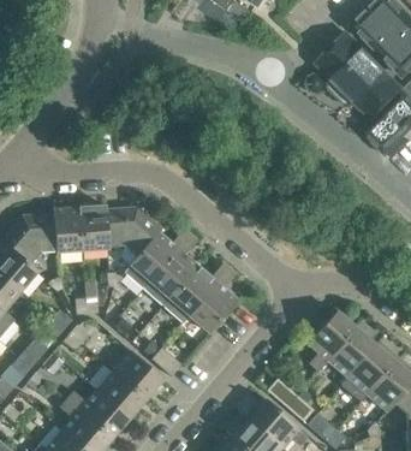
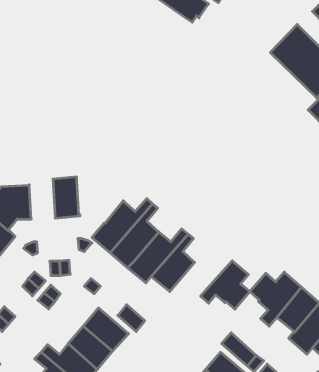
building: [53,207,82,251] -> none
building: [106,207,161,265] -> none
building: none -> [201,261,250,309]

